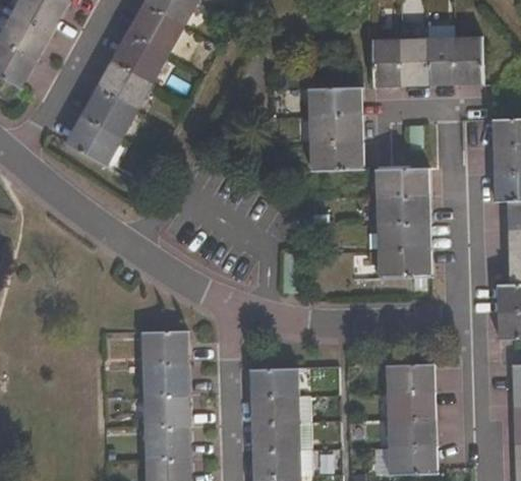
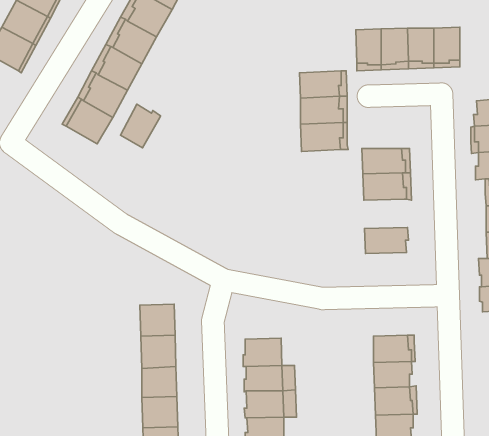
building: none -> [120,104,161,148]
building: [381,222,426,252] -> none

